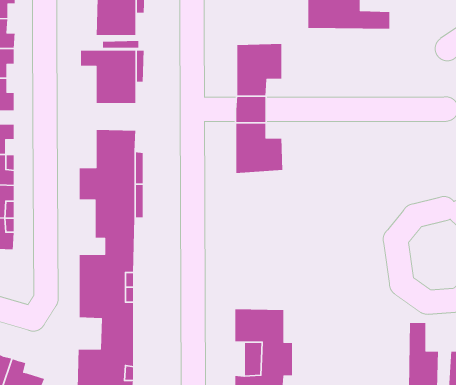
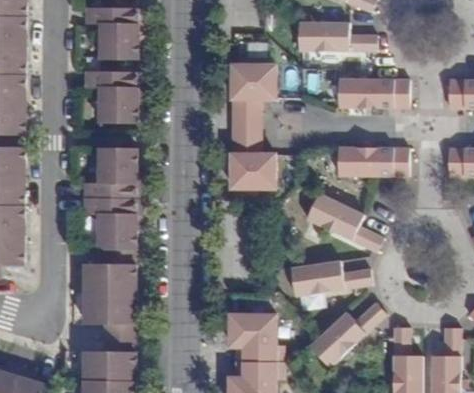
building: none -> [338,79,409,108]
building: none -> [338,147,408,176]
building: none -> [306,193,384,253]
building: none -> [290,261,372,296]
building: none -> [309,302,385,367]

